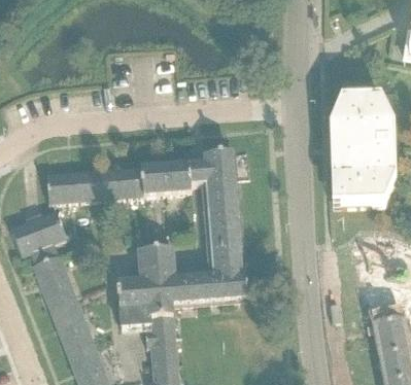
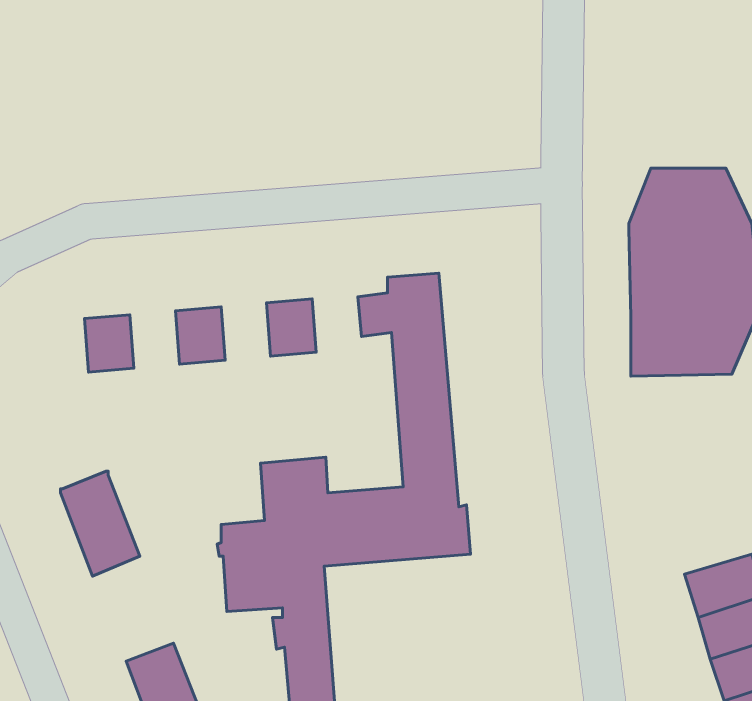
building: [166,161,192,189] -> none
building: [118,164,144,194] -> none
building: [71,168,97,198] -> none
building: [11,208,67,260] -> none
building: [52,295,94,350] -> none

